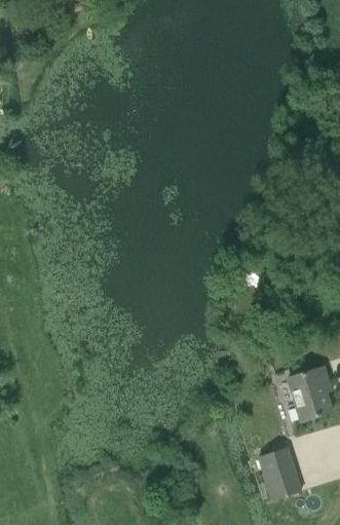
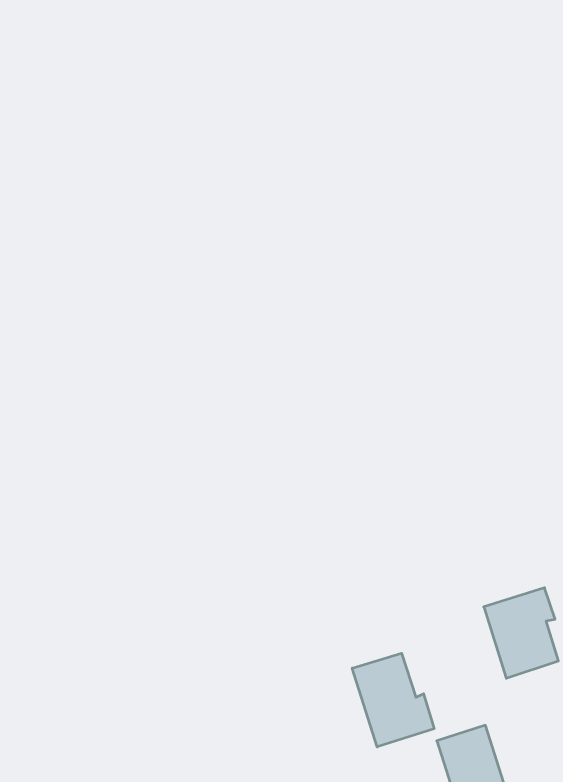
building: none -> [352,653,434,747]

